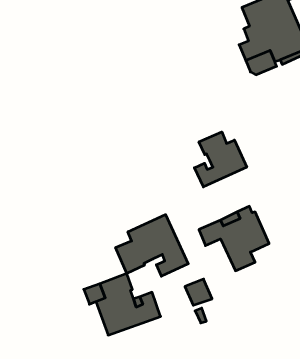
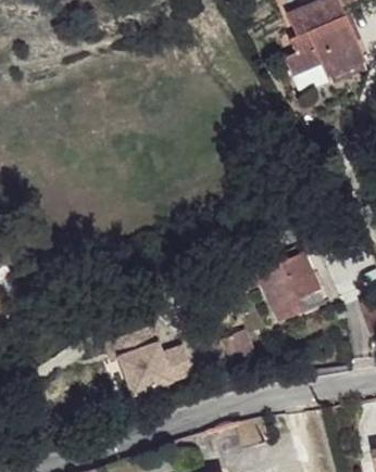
building: [194,132,247,187] -> none
building: [116,215,188,276] -> none

